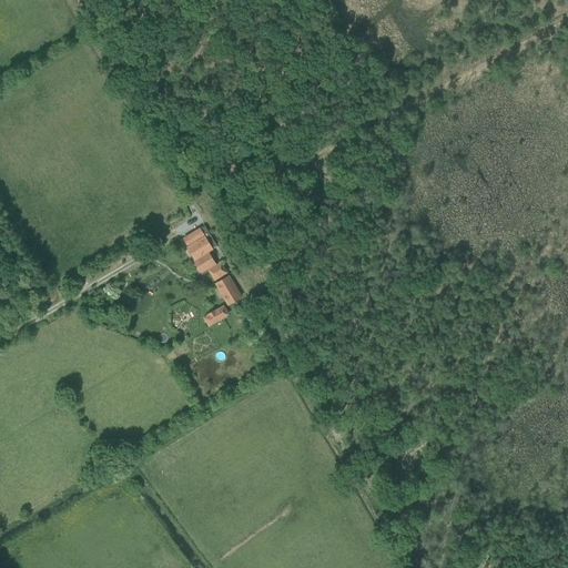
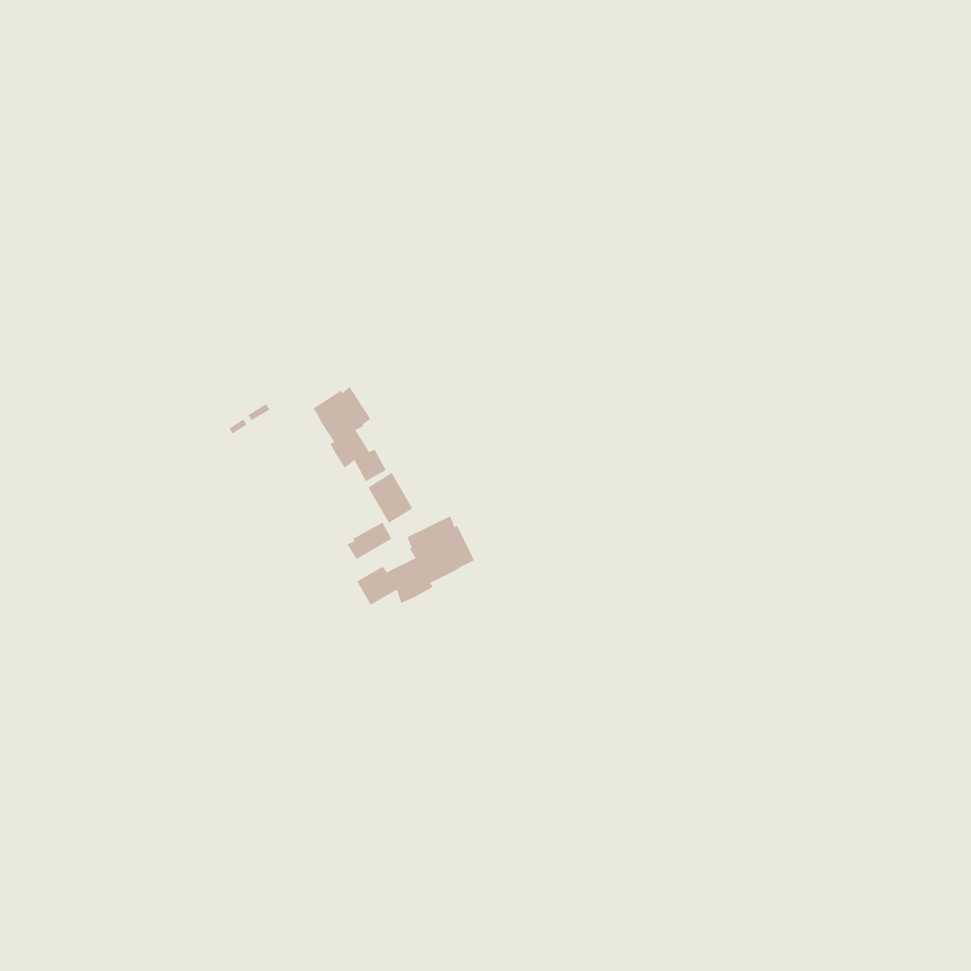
building: none -> [356,516,476,605]

